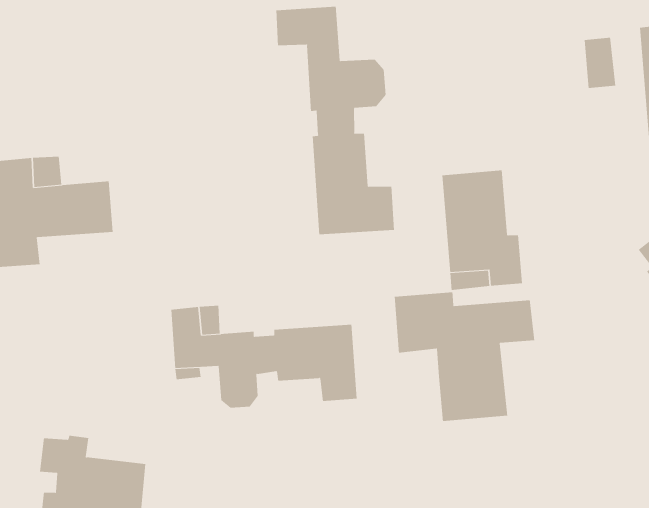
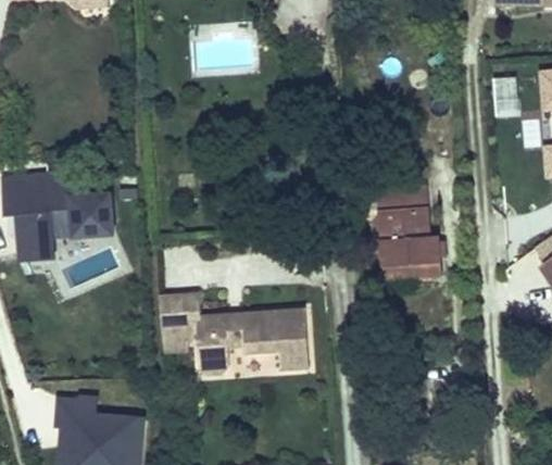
building: [276,6,394,235] -> none
building: [394,291,535,422] -> none

